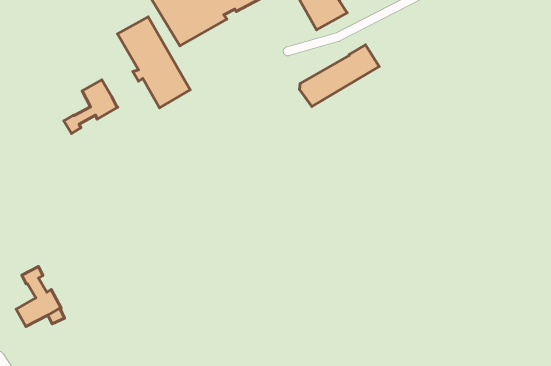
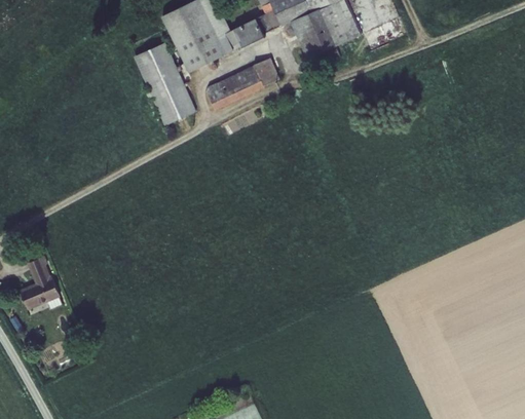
building: [300,45,379,107] -> [205,59,278,109]
building: [64,80,118,134] -> none

